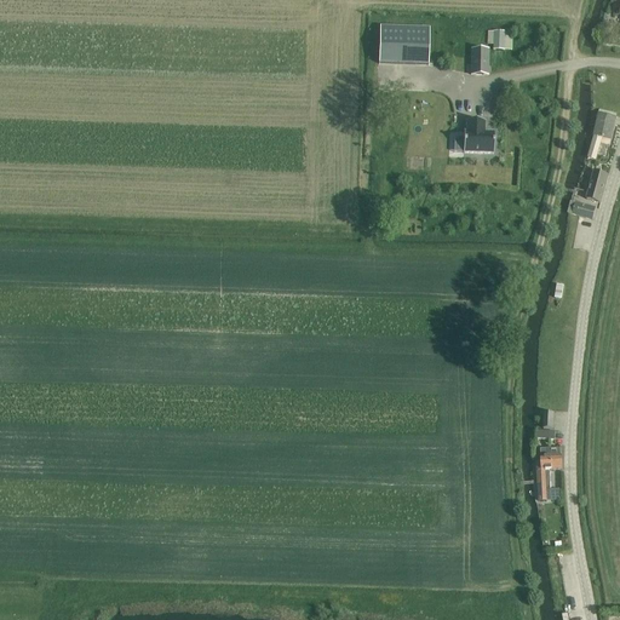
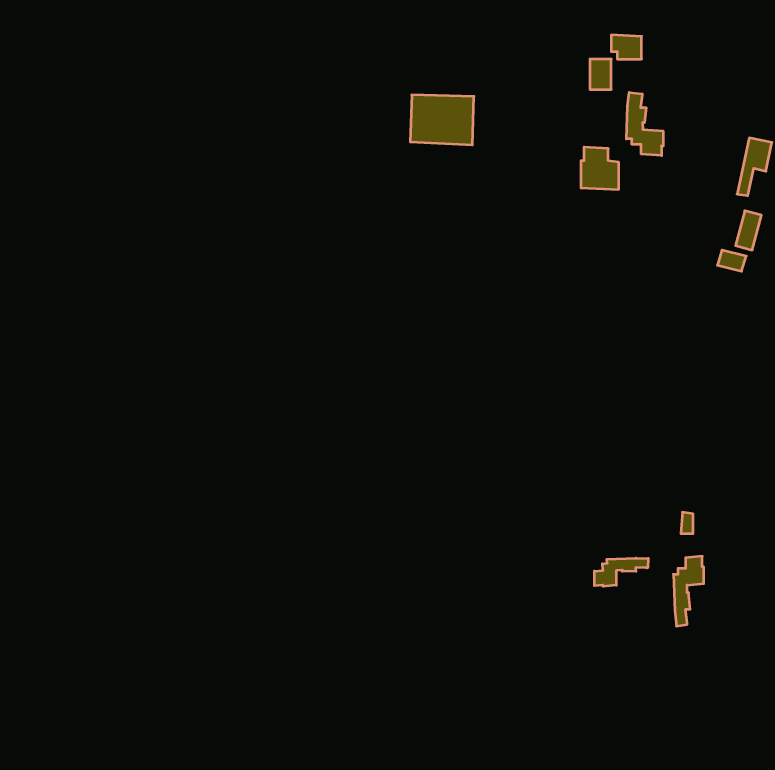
building: [379,23,430,63] -> [410,95,474,145]
building: none -> [626,92,663,156]
building: none -> [594,558,648,586]

